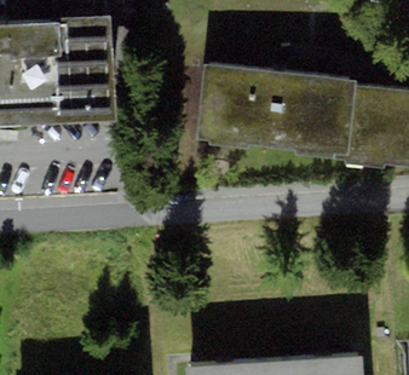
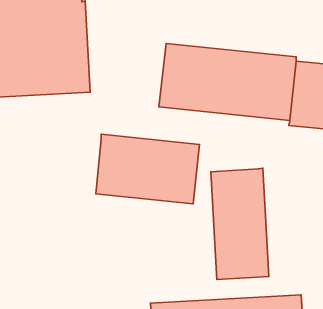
building: none -> [96,134,199,204]
building: none -> [211,168,269,279]

